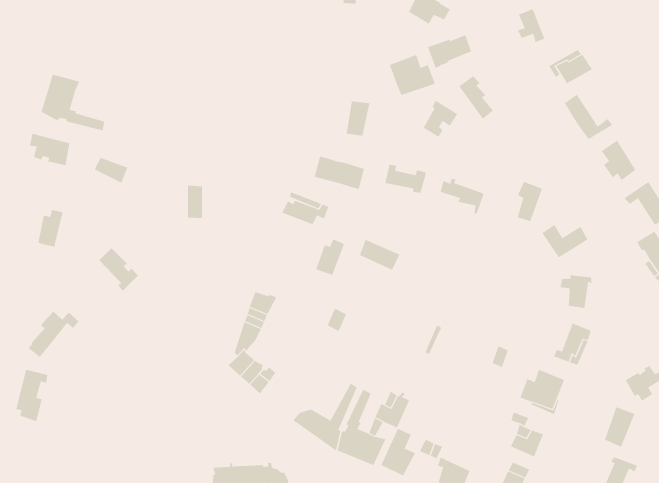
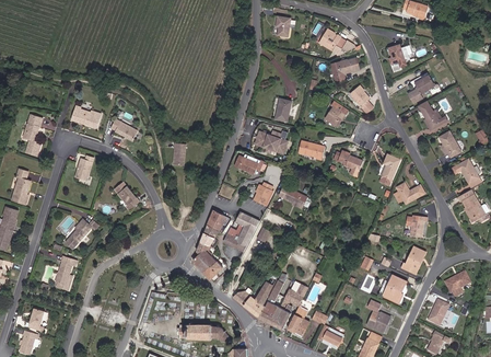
building: [389,54,435,96] -> none
building: [41,74,105,131] -> none
building: none -> [223,212,257,252]

